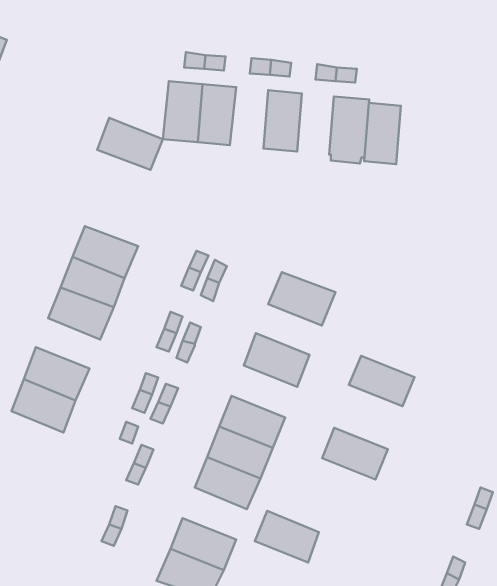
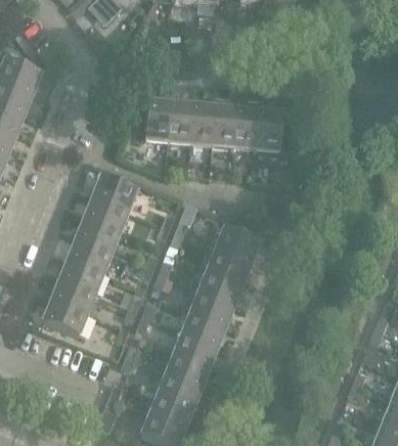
building: none -> [189,103,215,144]
building: [364,103,401,164] -> [234,107,259,148]
building: [97,118,163,170] -> [92,175,136,210]
building: none -> [59,258,102,292]
building: [349,356,415,406] -> [207,249,251,282]
building: [322,428,388,480] -> [190,289,234,324]
building: [255,511,319,563] -> [158,371,201,406]

